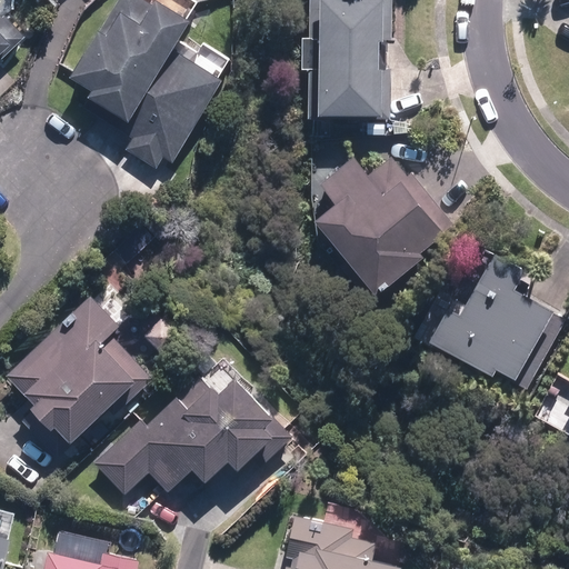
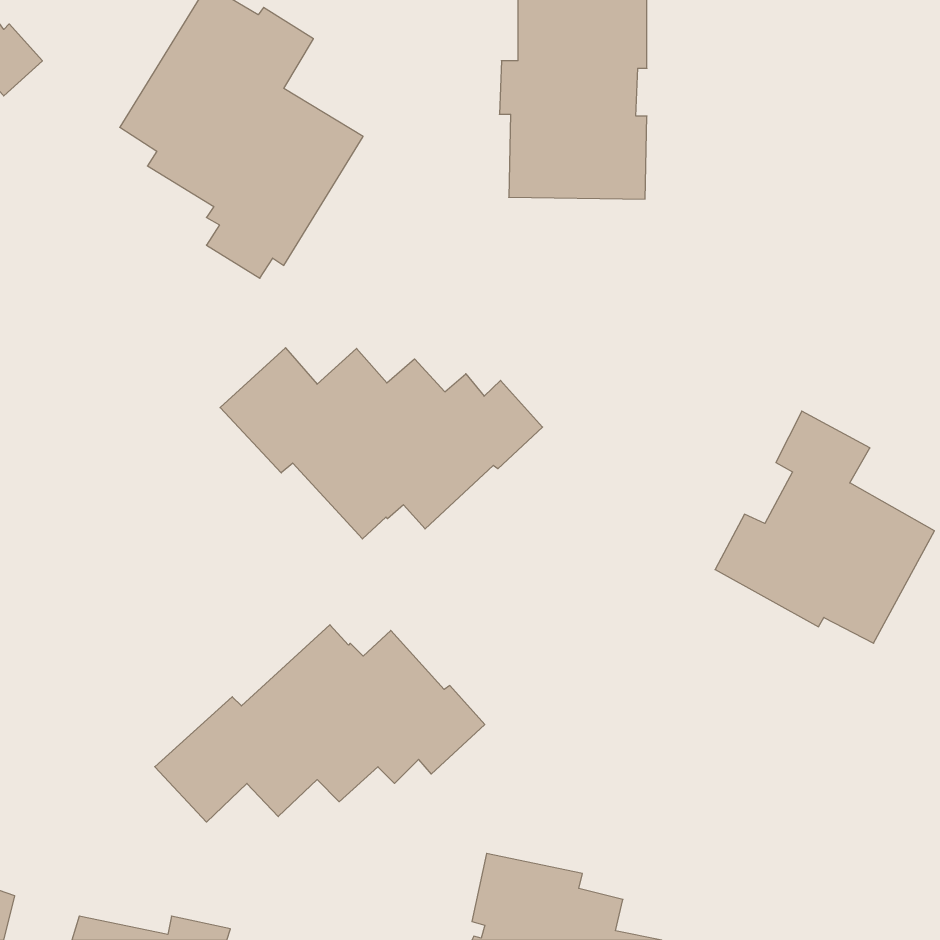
building: [315,157,450,297] -> none
building: none -> [220,348,543,539]
building: [6,296,151,443] -> none

